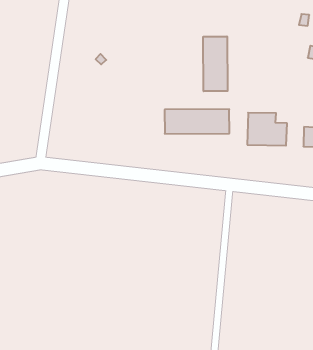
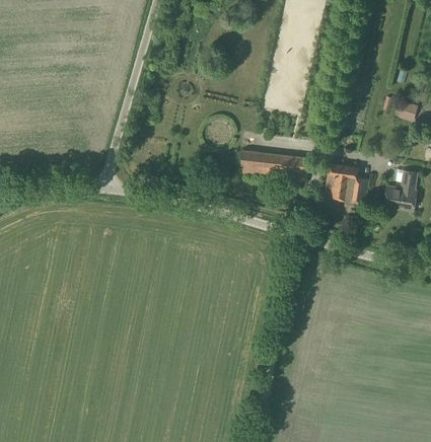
building: [203,36,228,91] -> none

